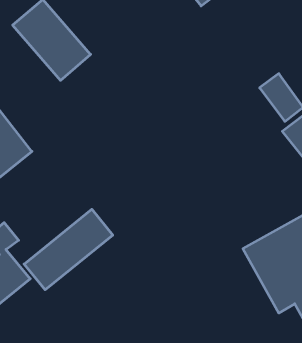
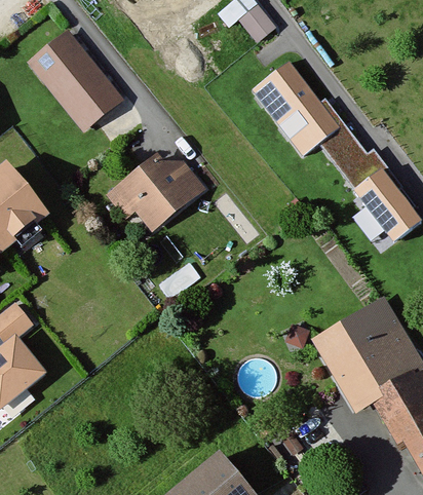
building: none -> [256,64,339,154]
building: none -> [116,149,208,230]
building: [24,209,113,290] -> none

